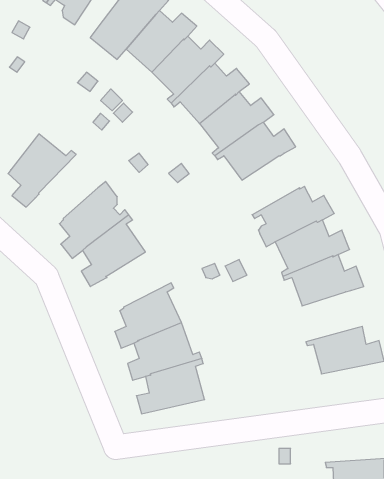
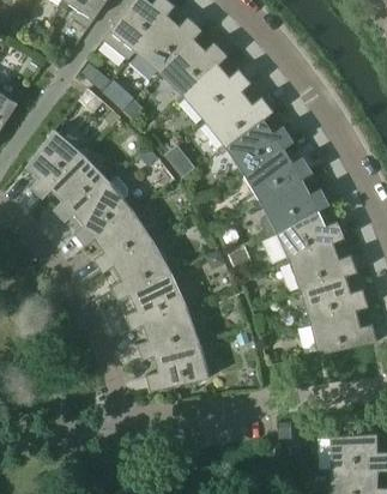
building: none -> [243,147,313,205]
building: none -> [50,149,109,221]
building: none -> [110,240,177,301]
building: none -> [300,276,368,324]

